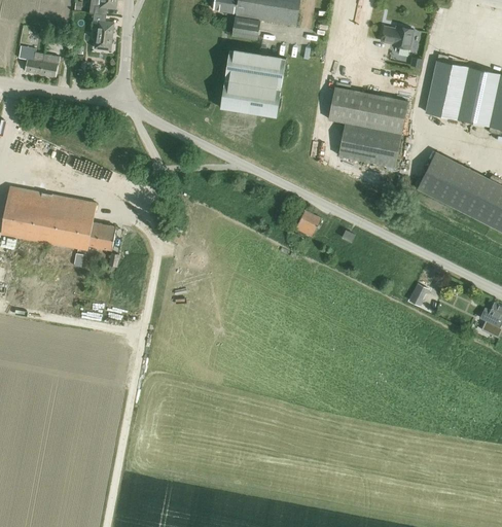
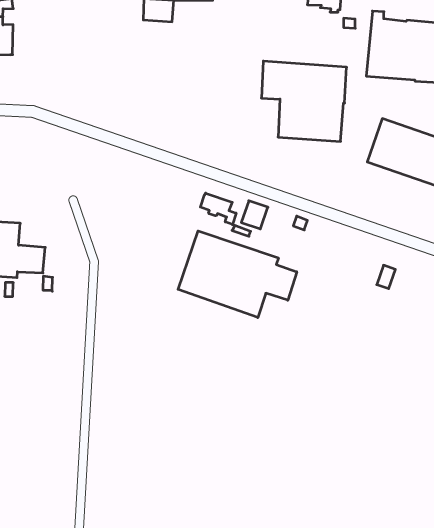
building: [221,49,287,117] -> none
building: none -> [200,193,236,225]
building: none -> [178,231,297,318]

